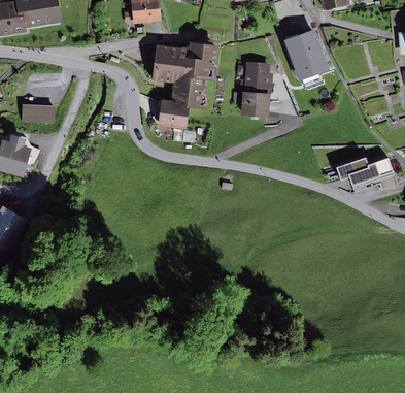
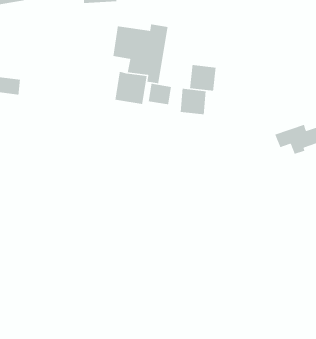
building: [282,29,328,81] -> none
building: [242,61,271,91] -> [180,88,206,115]
building: none -> [148,83,172,105]

